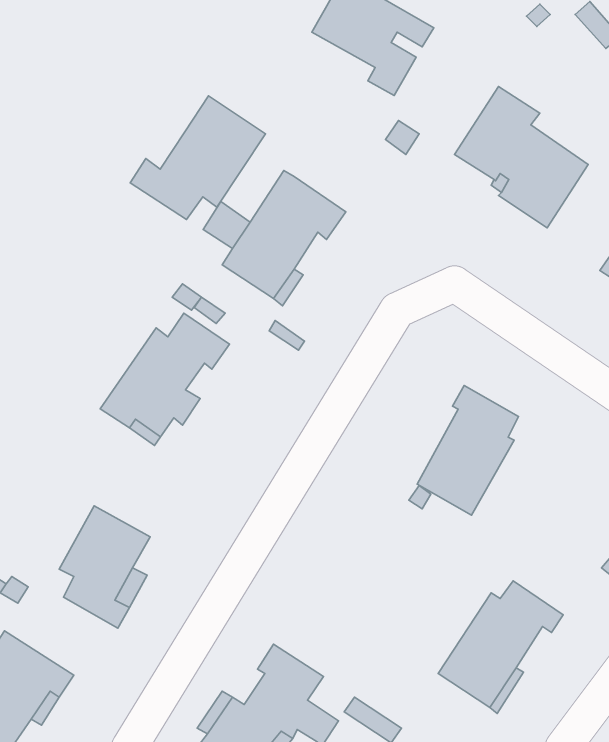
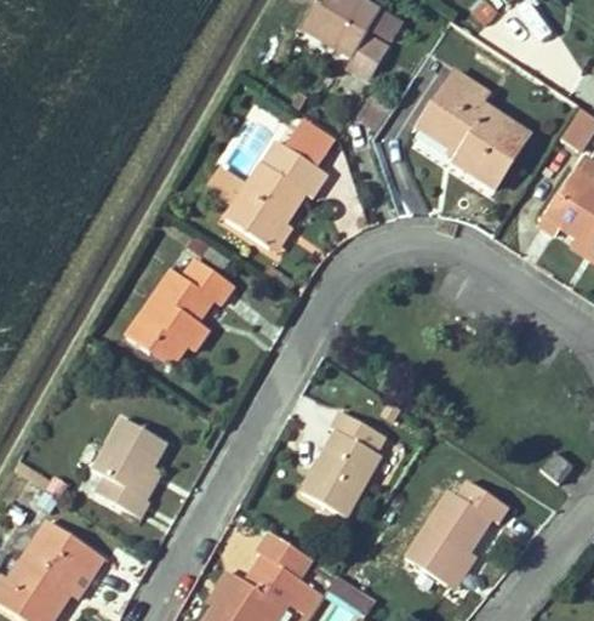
building: [130,96,265,219] -> none
building: none -> [286,120,335,167]
building: [417,386,519,515] -> [301,410,384,517]

